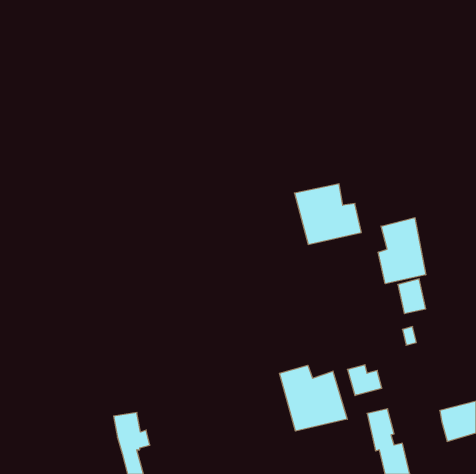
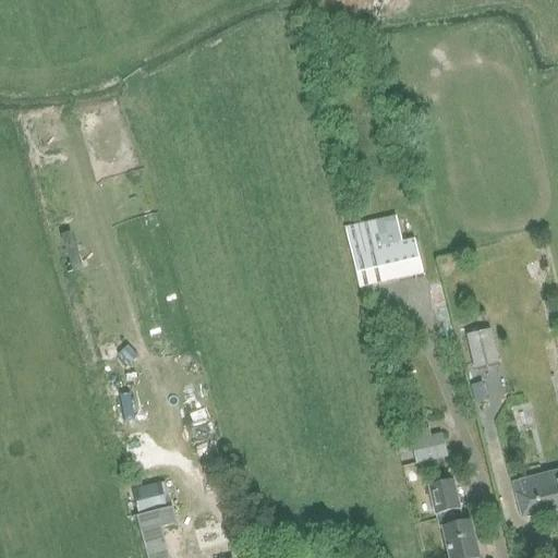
building: [378,218,426,284] -> none
building: [279,365,347,431] -> none

